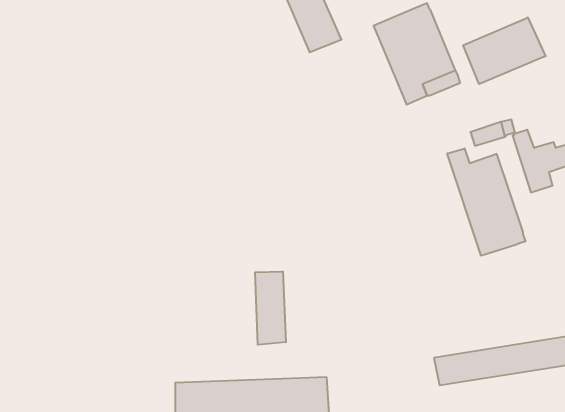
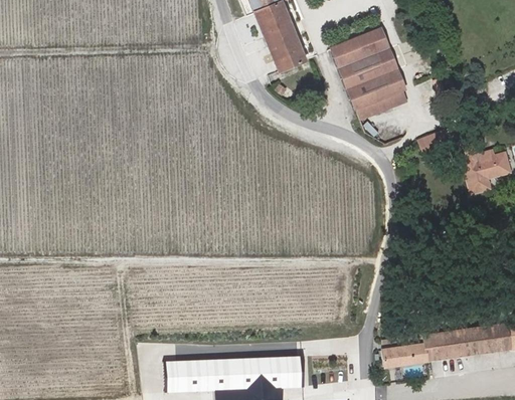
building: [463,17,546,84] -> none
building: [447,148,525,256] -> none
building: [255,271,286,345] -> none

